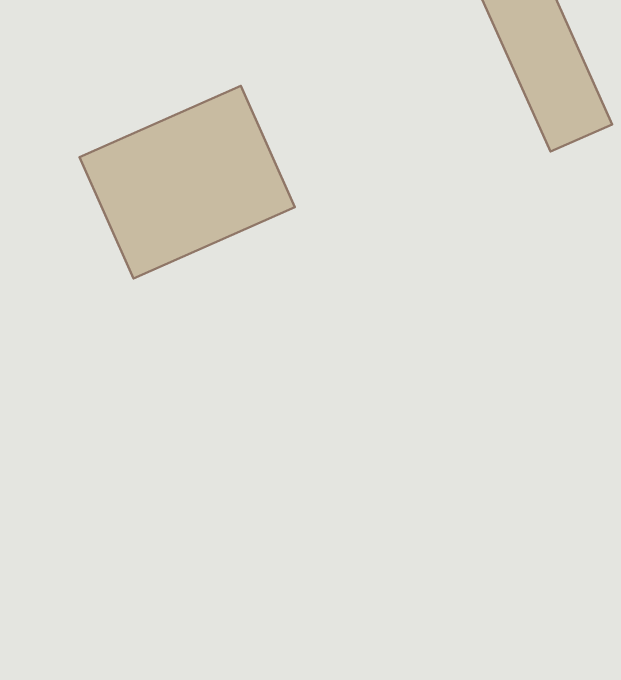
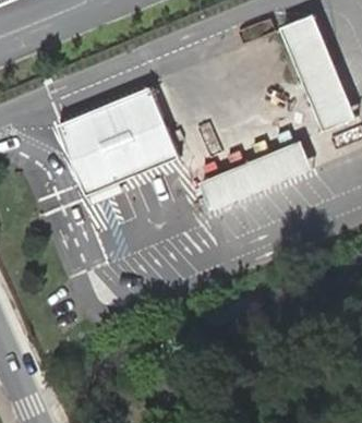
building: none -> [198,134,307,203]

